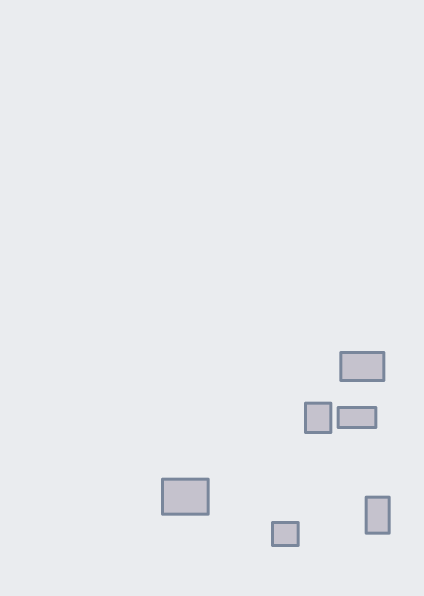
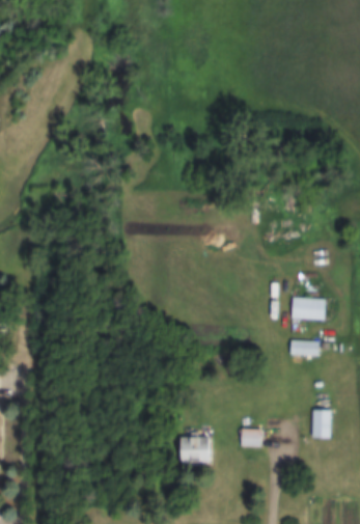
building: [305,403,331,432] -> none
building: [163,479,208,514] -> [175,436,211,463]

